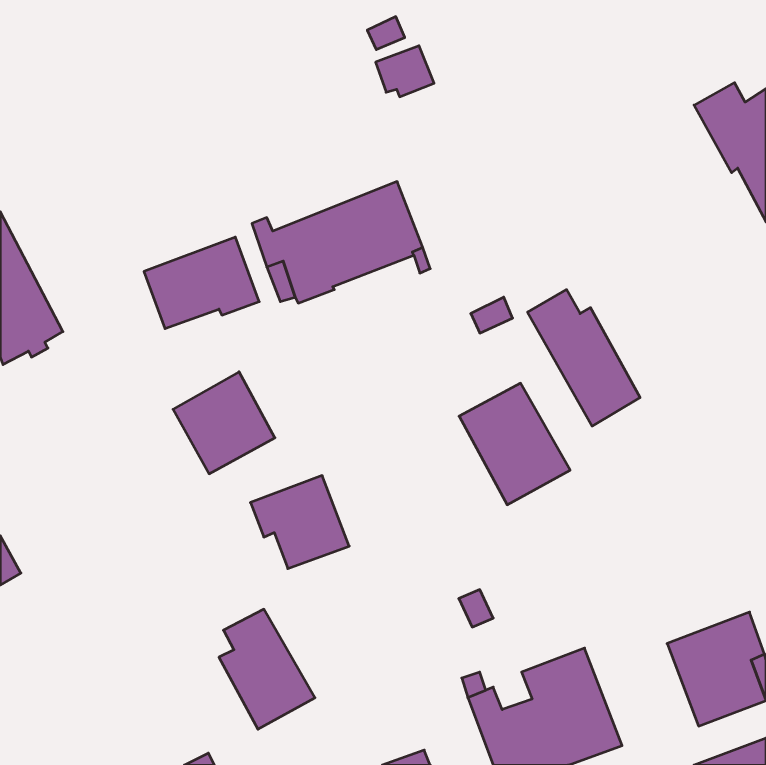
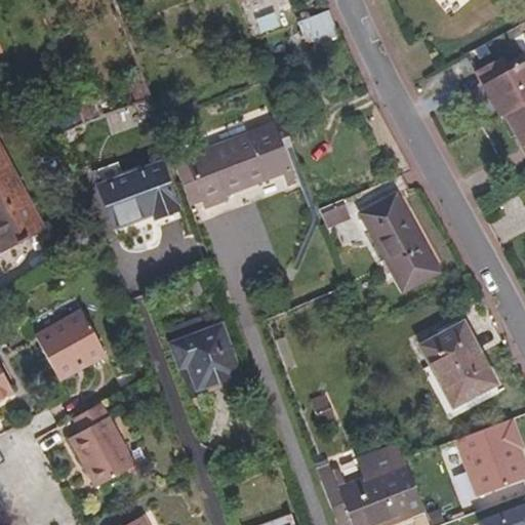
building: [376,46,434,97] -> [298,10,338,45]
building: [173,372,275,474] -> [36,310,106,379]
building: [459,383,570,505] -> [420,323,496,406]
building: [219,609,315,729] -> [70,404,135,486]

